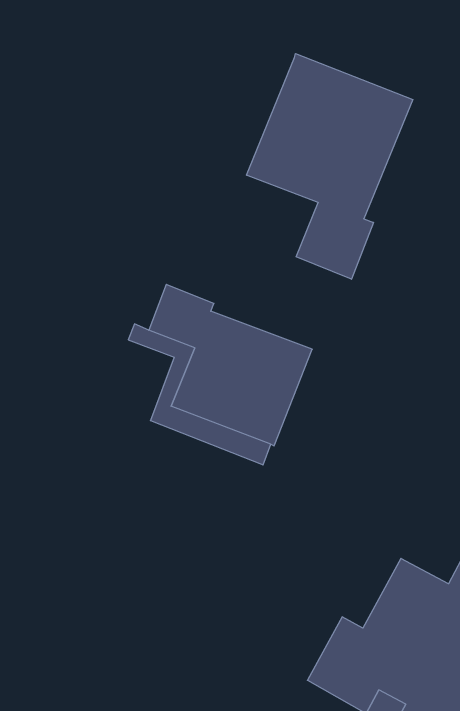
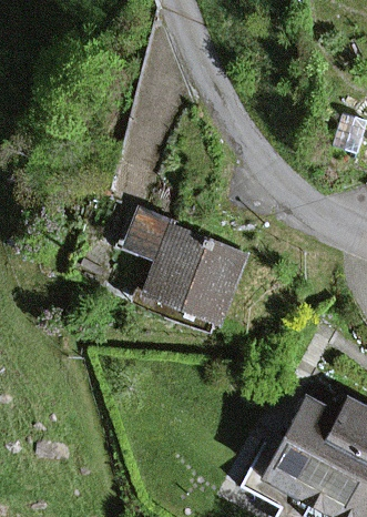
building: [247,54,413,279] -> none

